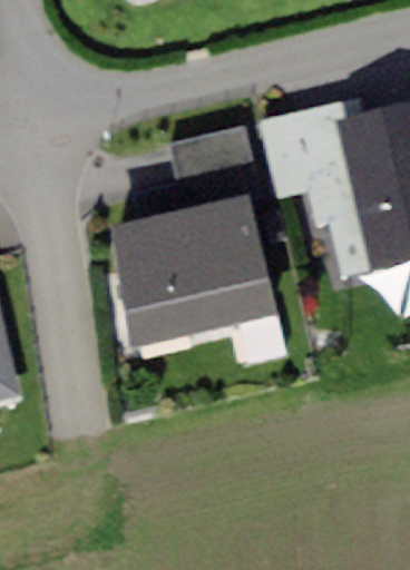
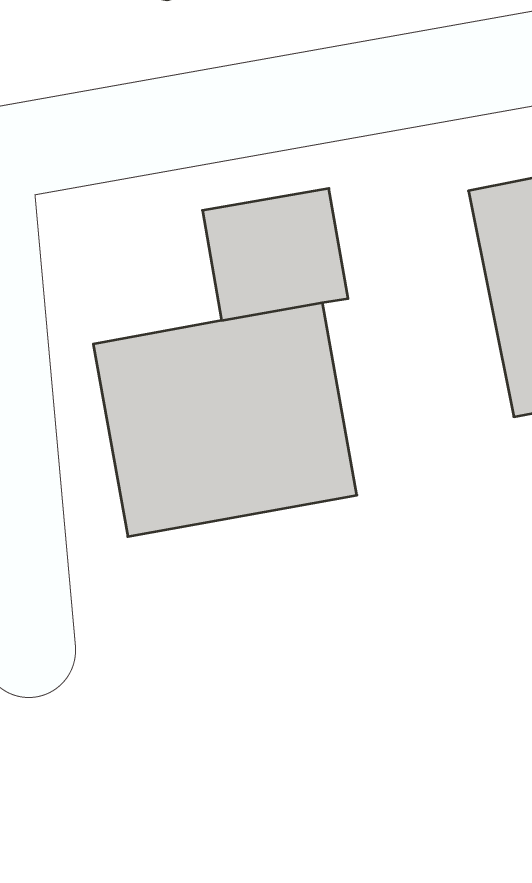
building: [262,106,369,268] -> none

